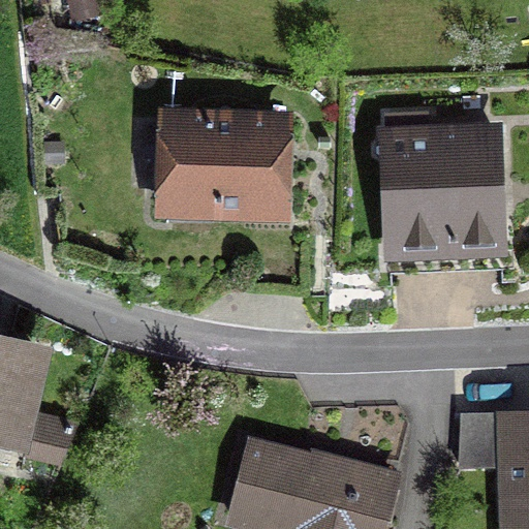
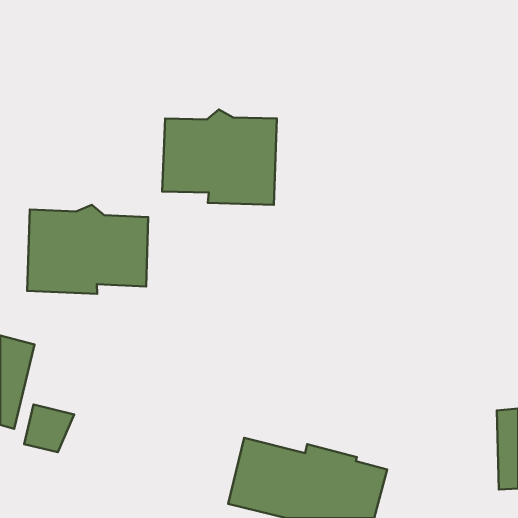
building: [385,114,500,244] -> none
building: none -> [27,205,148,294]

